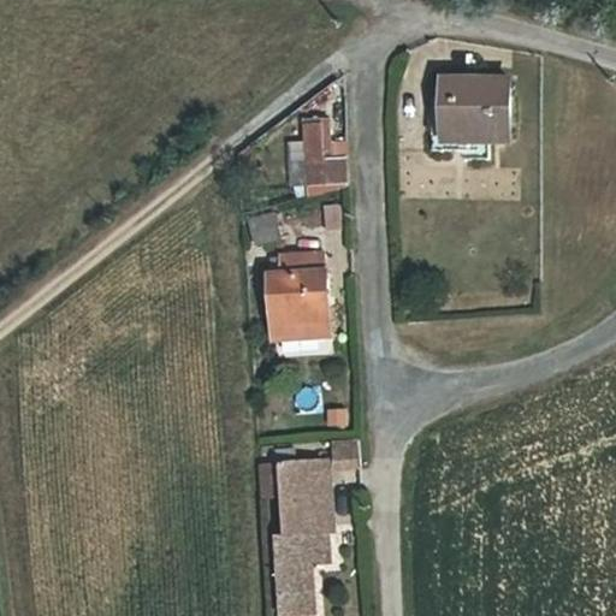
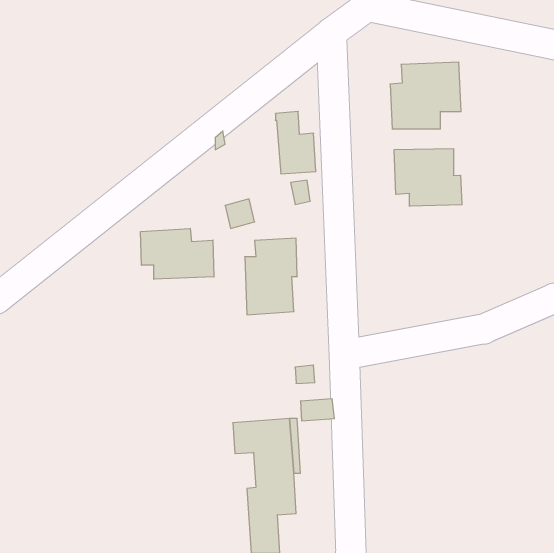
building: none -> [394,149,462,206]
building: none -> [141,228,214,279]

